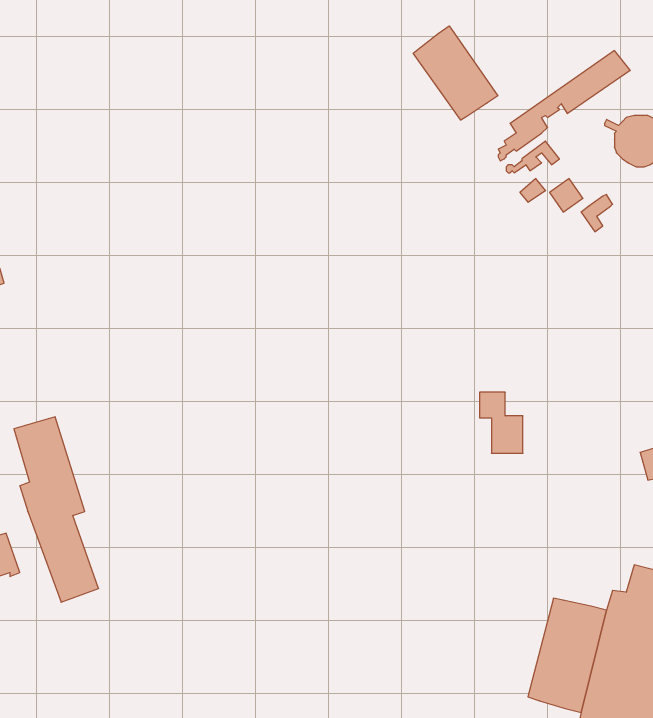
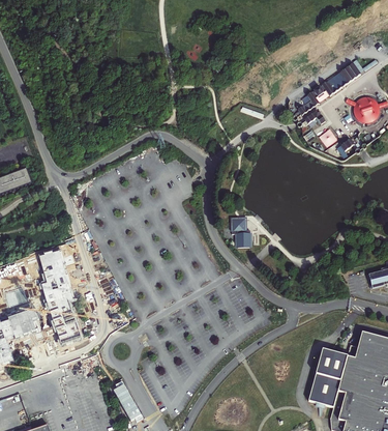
building: [413,26,498,120] -> none
building: [480,392,523,453] -> [230,217,252,249]

